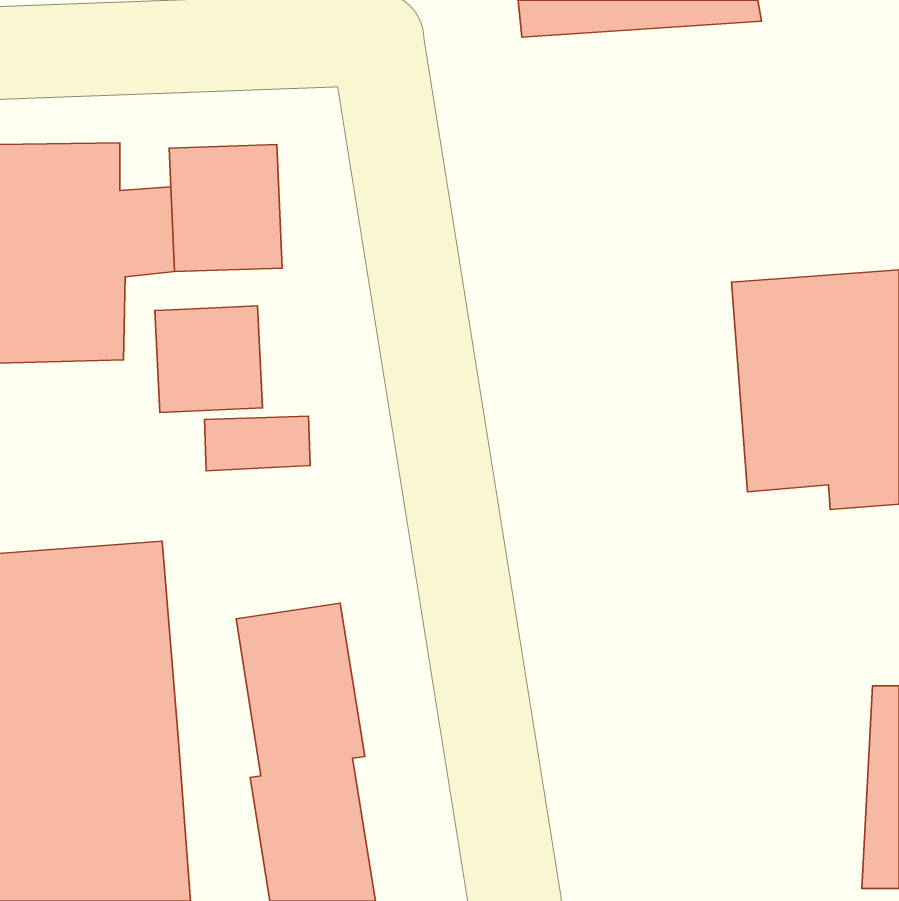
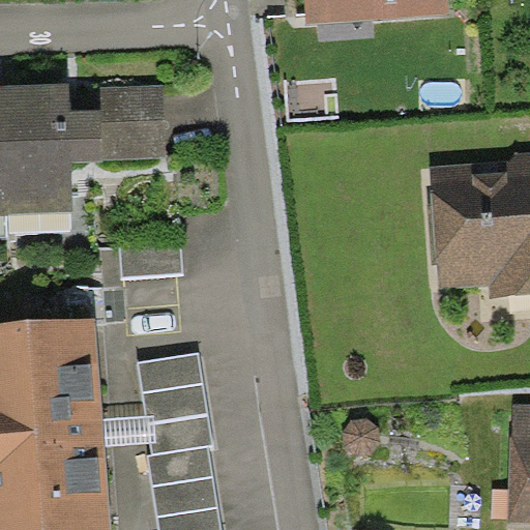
building: [155,306,263,412] -> none

